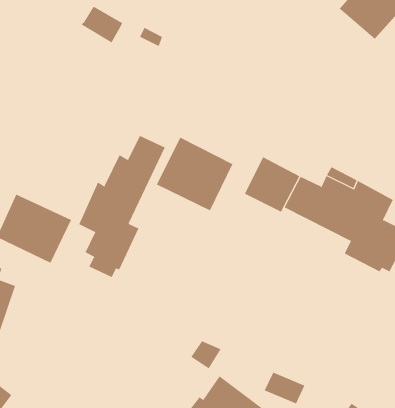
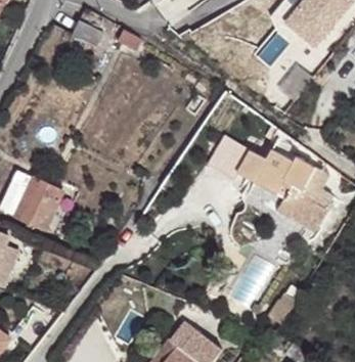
building: [79,135,165,278] -> none
building: [156,137,233,211] -> none

